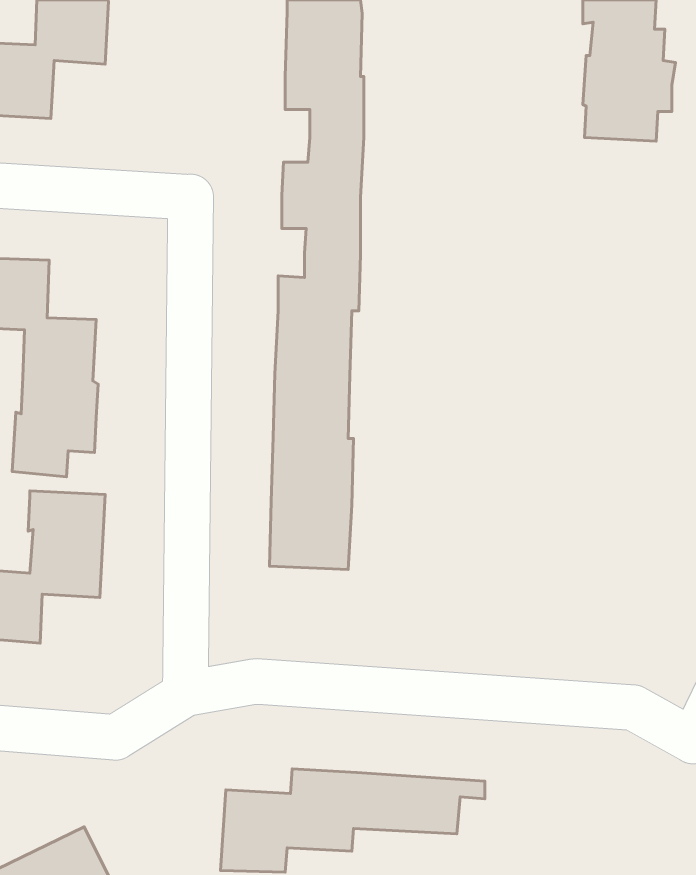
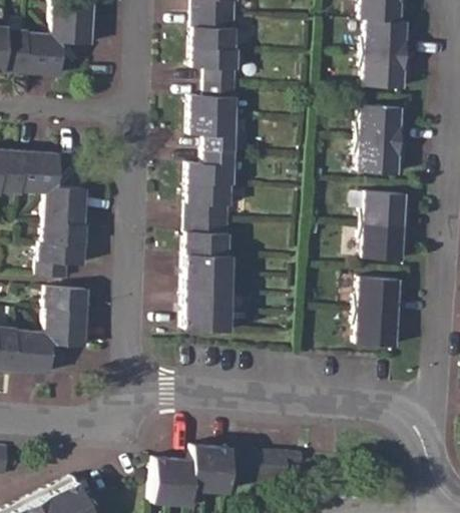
building: none -> [356,105,410,172]
building: none -> [361,191,414,260]
building: none -> [355,278,406,344]

